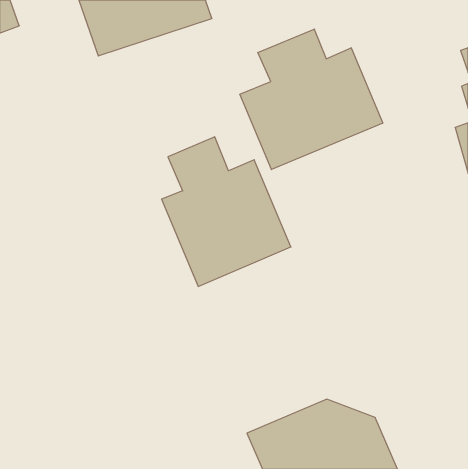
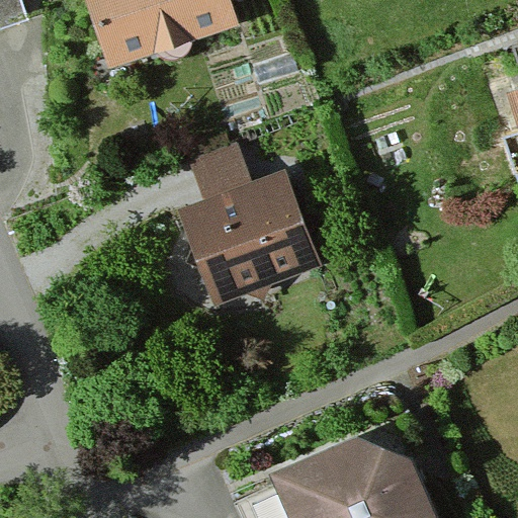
building: [240,29,383,170] -> none

